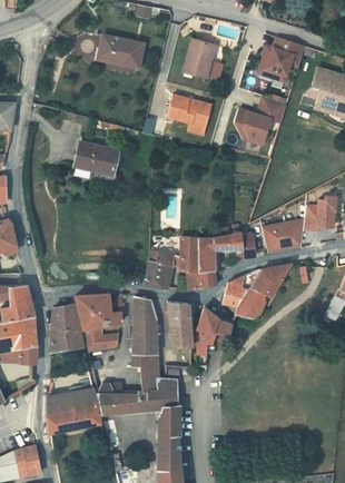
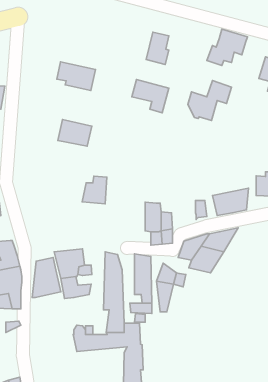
building: [95,36,140,69] -> [57,62,96,91]
building: [199,236,240,252] -> none
building: [145,256,174,288] -> [82,176,107,204]
building: [46,388,99,433] -> none

